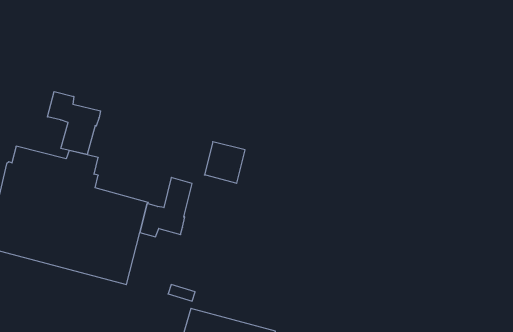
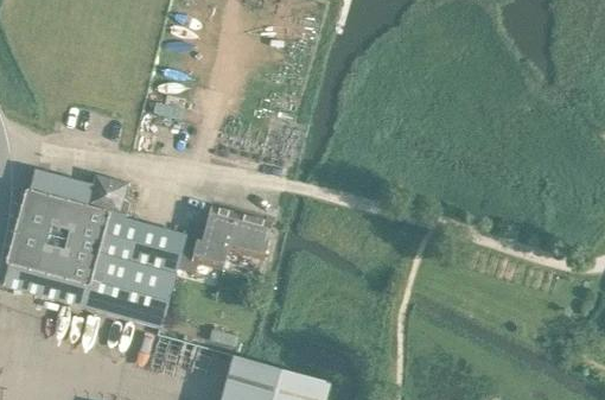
building: [47,92,101,155] -> none
building: [204,142,245,183] -> [227,212,273,260]

